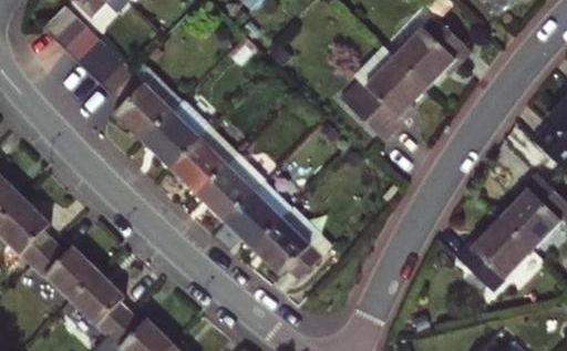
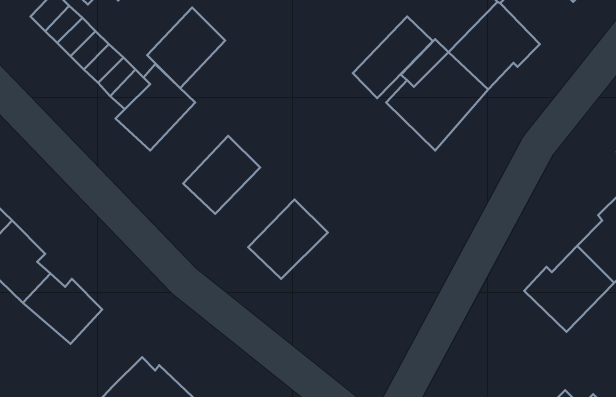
building: none -> [353,17,433,98]
building: [143,100,208,167] -> [147,7,225,88]
building: [197,154,264,220] -> none
building: [252,208,330,279] -> none
building: [76,272,136,337] -> none

